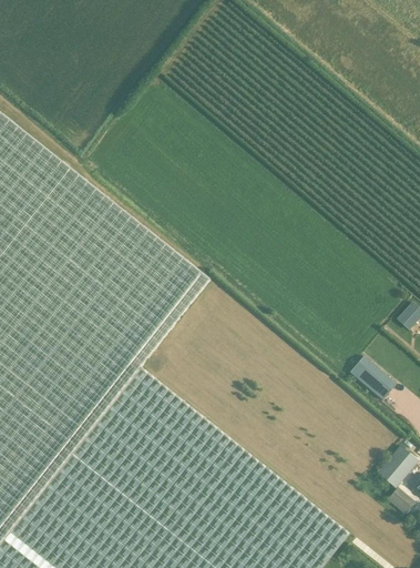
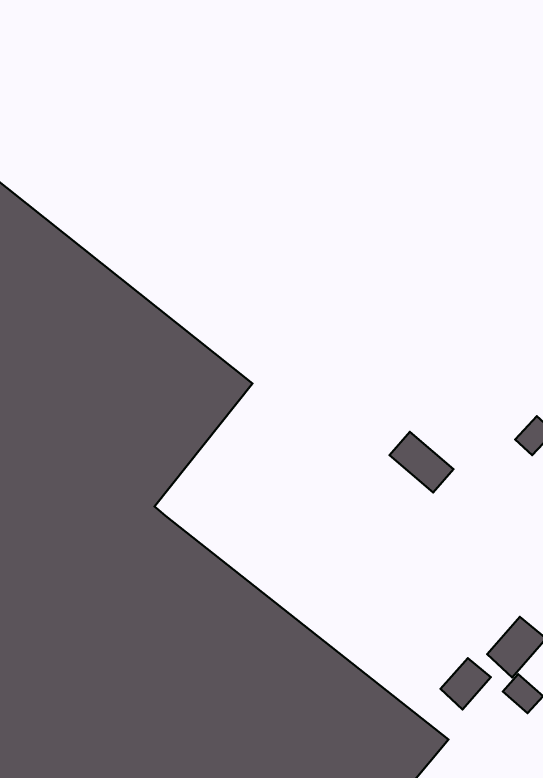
building: [350,357,396,400] -> [390,432,453,492]
building: none -> [441,658,491,710]

